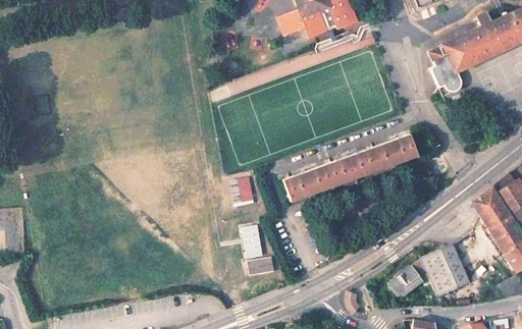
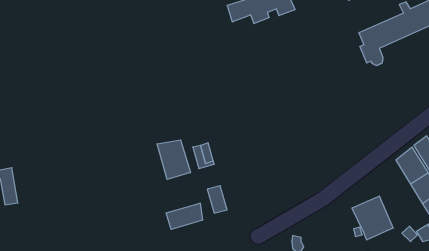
building: [283,133,418,200] -> none
building: none -> [157,140,190,179]
building: none -> [166,203,202,229]
building: [389,259,429,295] -> none

